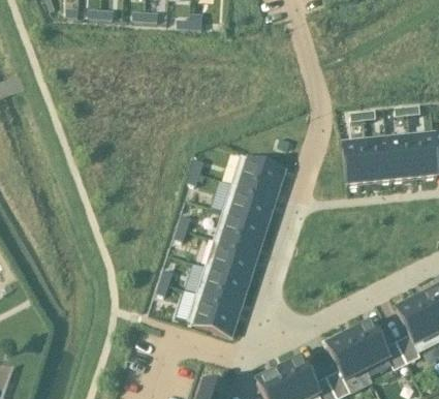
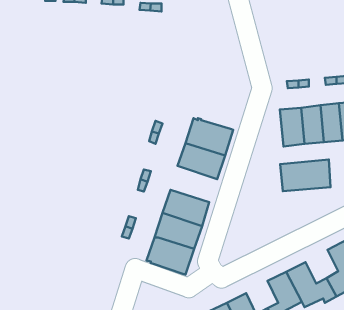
building: none -> [280,159,330,191]
building: [214,209,269,251] -> none

